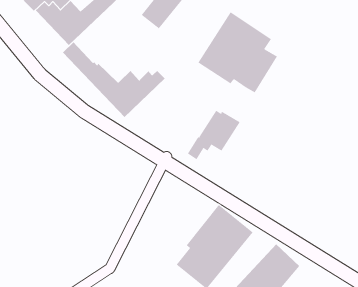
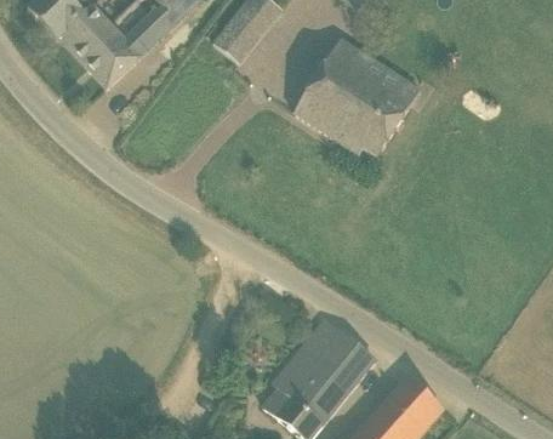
building: [62,41,167,118] -> none
building: [187,110,240,160] -> none

